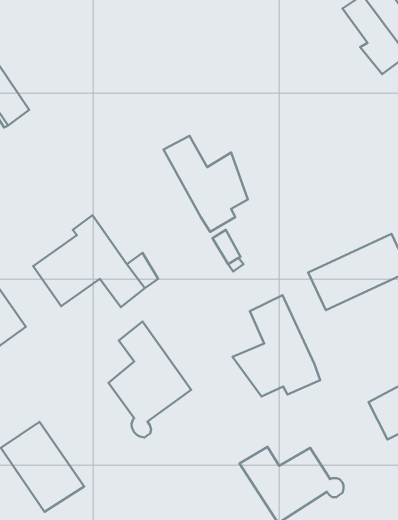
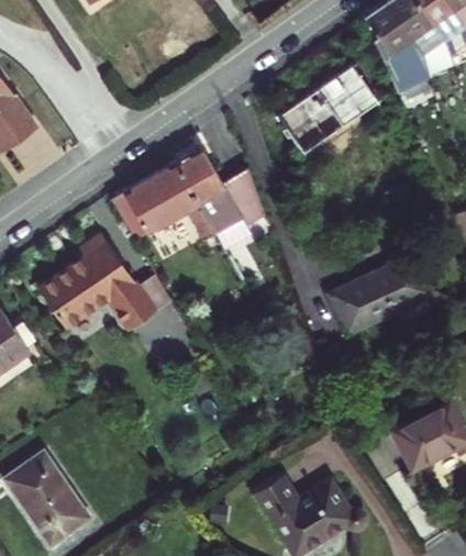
building: none -> [275,60,381,154]
building: none -> [111,165,214,243]
building: [232,295,320,396] -> none
building: [109,322,191,437] -> none

